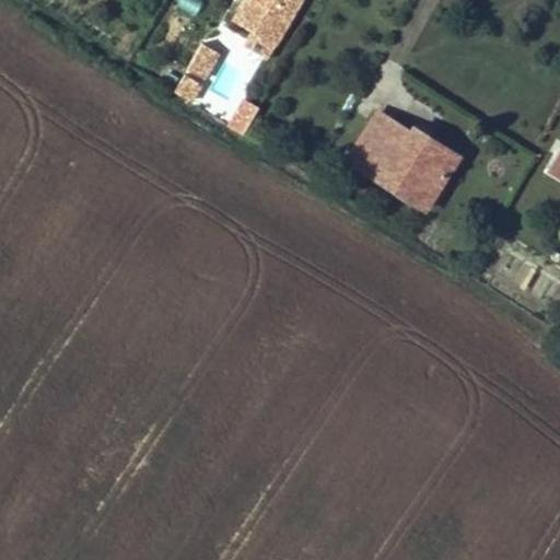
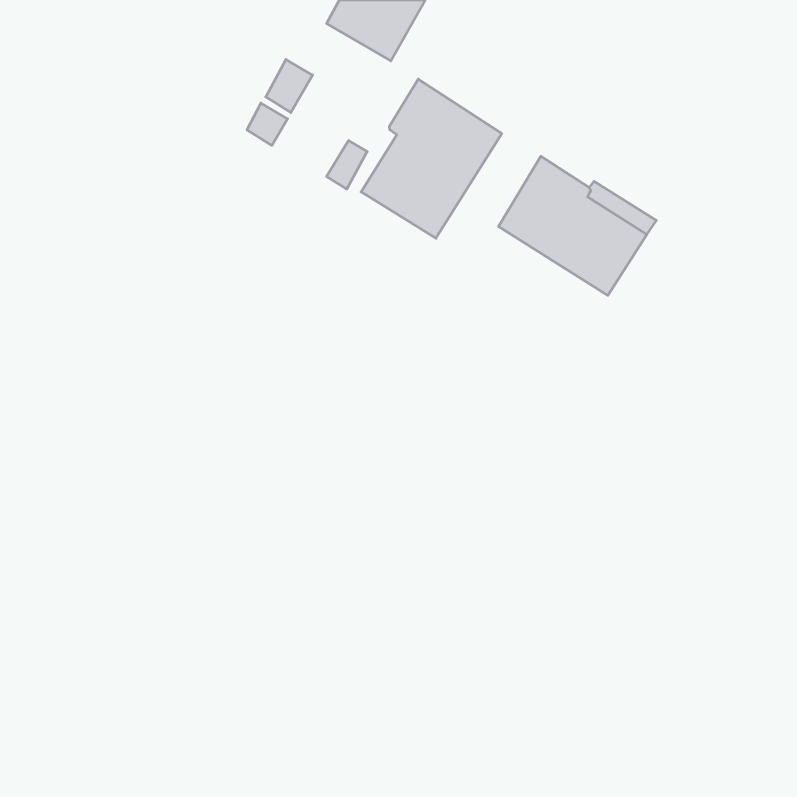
building: none -> [361,79,502,238]

